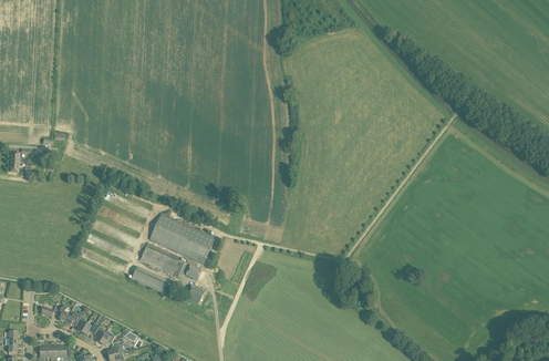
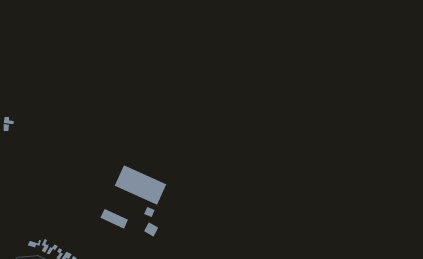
building: [139,241,186,277] -> none

